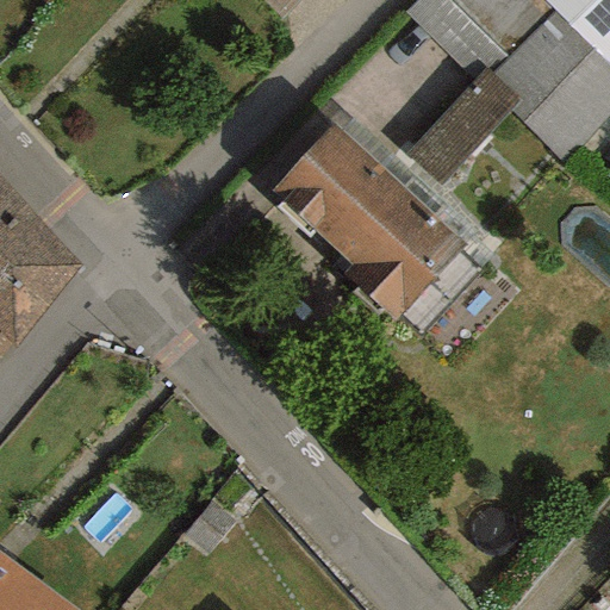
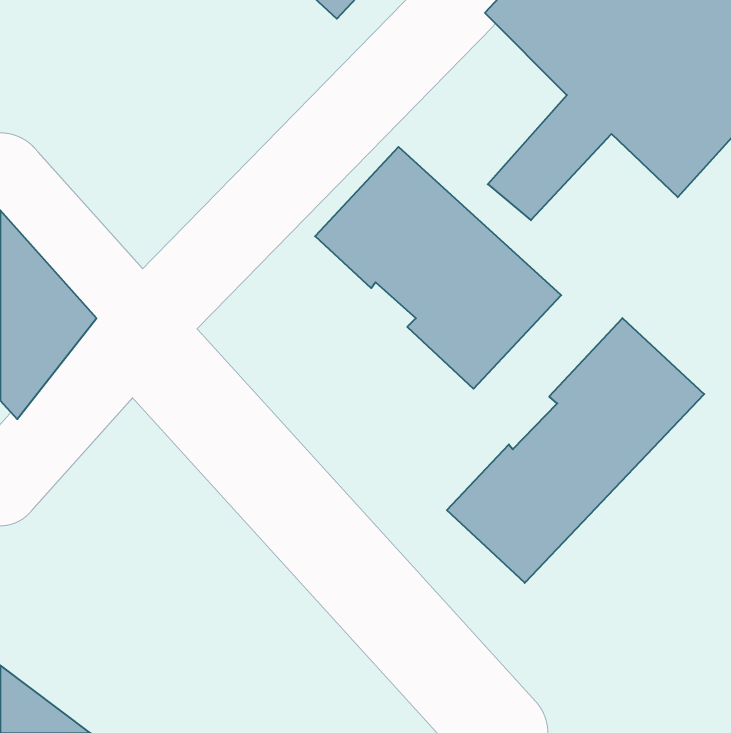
building: none -> [447,318,704,583]

